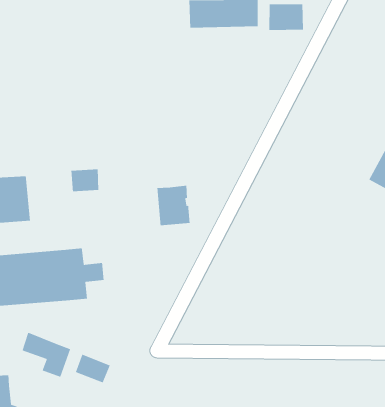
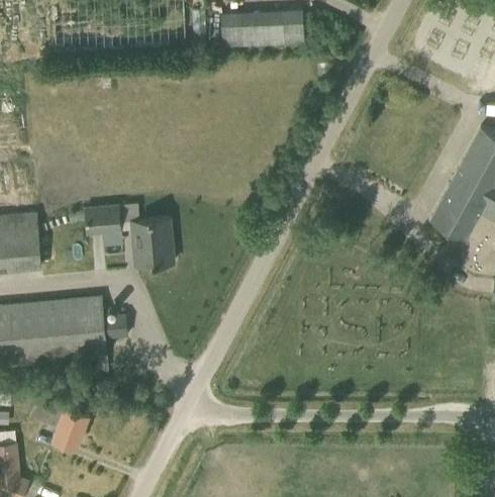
building: [269,4,304,31] -> none
building: [156,185,191,226] -> [134,218,174,266]
building: [75,354,111,384] -> none

